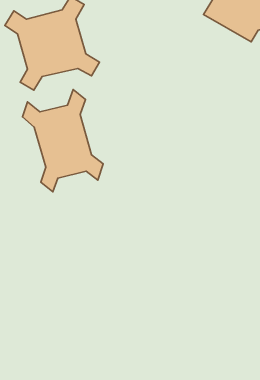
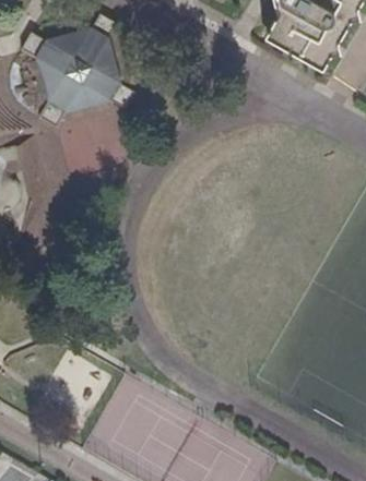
building: [23,90,103,192] -> none

